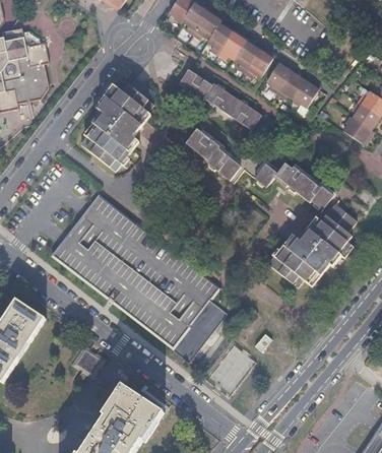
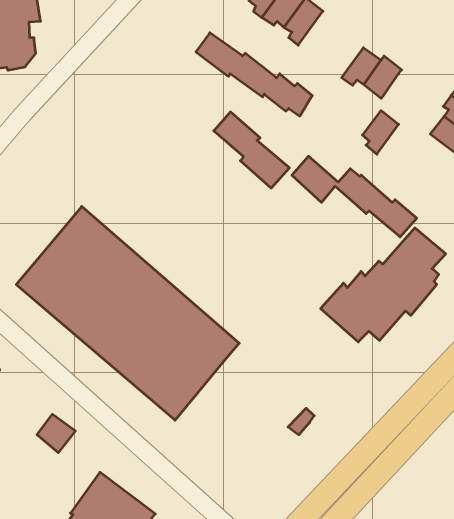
building: [244,47,273,77] -> none
building: [265,62,291,93] -> [362,111,399,154]
building: [83,74,158,172] -> none
building: [172,302,220,359] -> none

